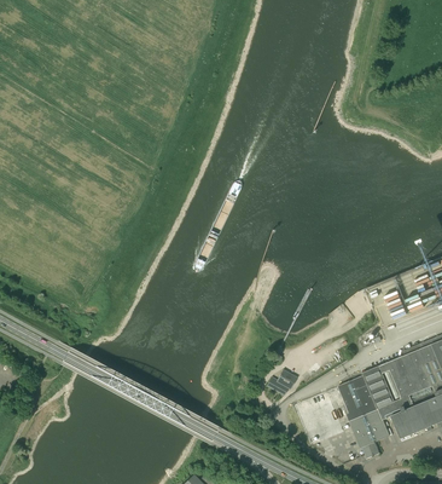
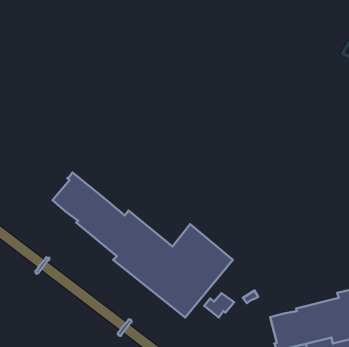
building: none -> [53,173,233,318]

